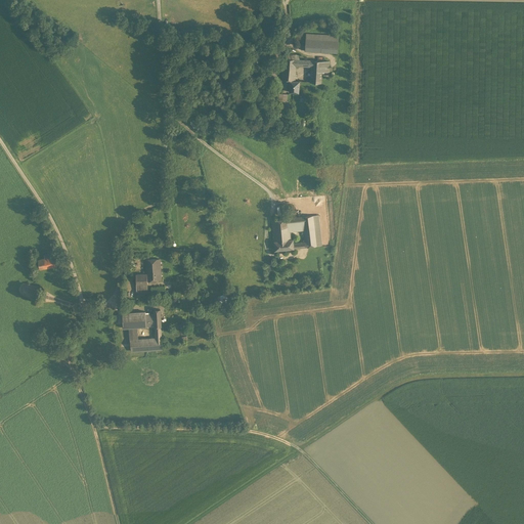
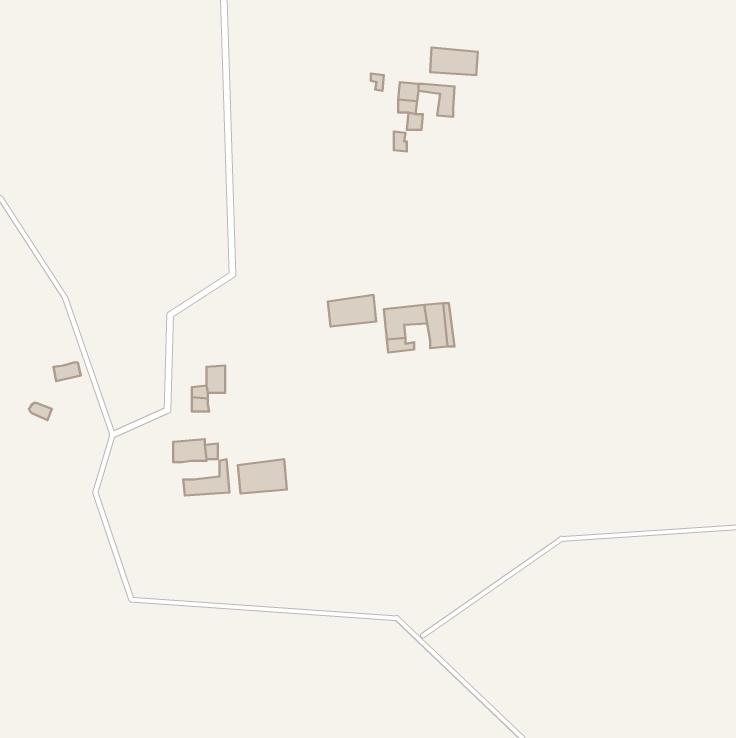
building: none -> [328,295,376,327]
building: none -> [238,459,287,494]

